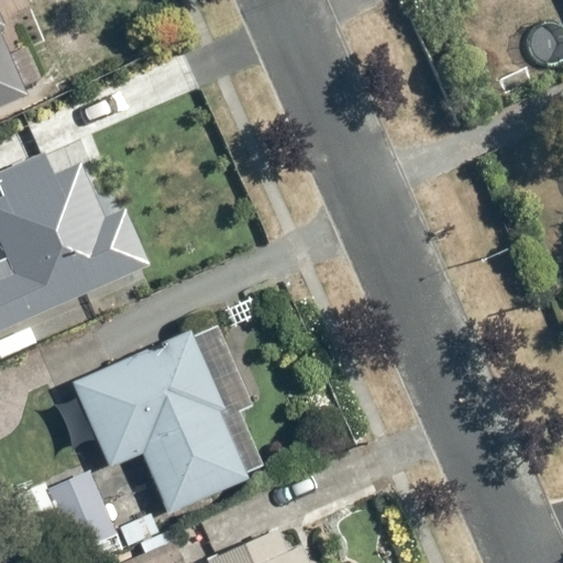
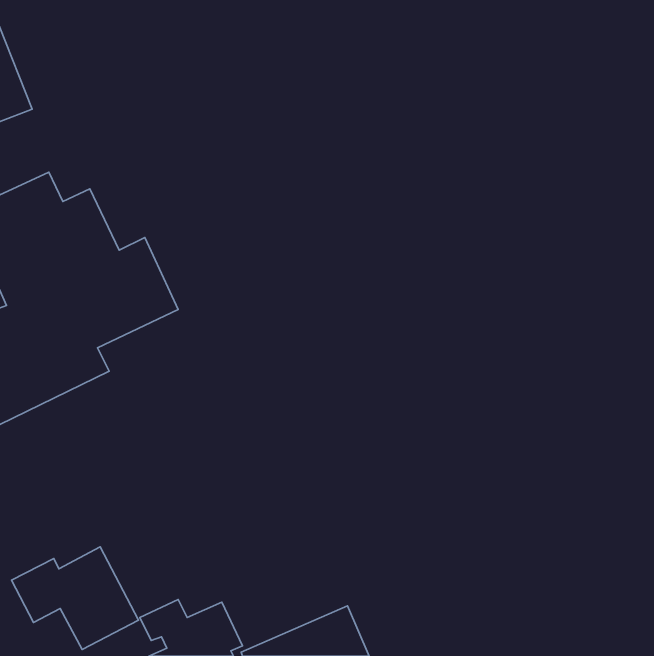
building: [69,328,249,516] -> none

